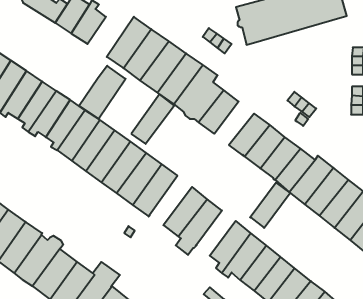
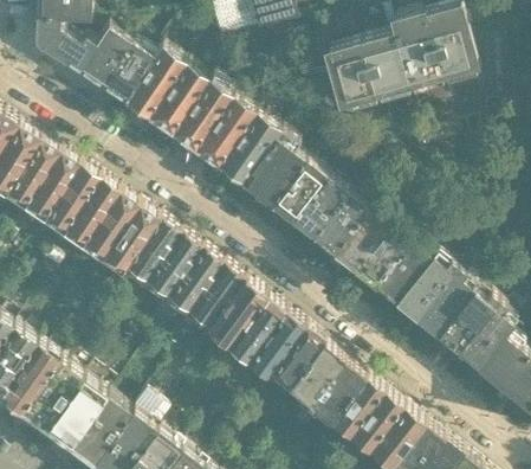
building: [79,66,126,119] -> [127,51,189,123]
building: [132,94,174,144] -> [211,284,268,352]
building: none -> [298,184,352,243]
building: [250,183,290,228] -> [273,332,328,393]

